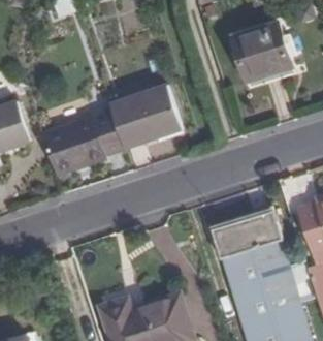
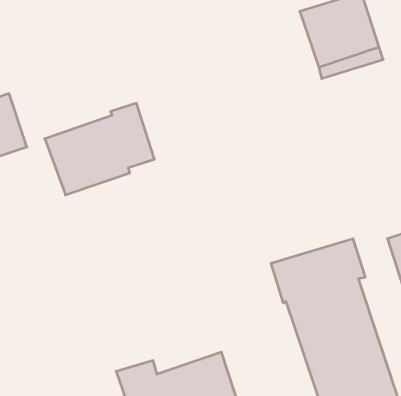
building: [109,86,182,149] -> none

